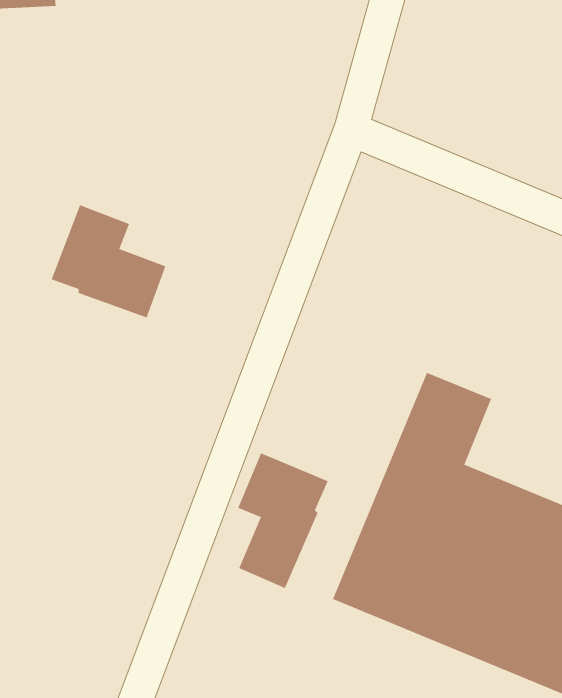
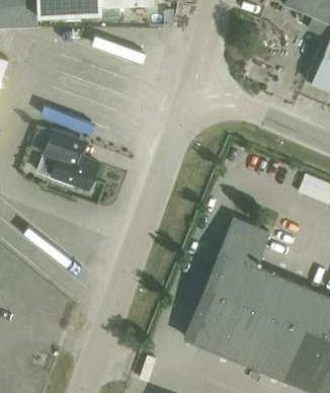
building: [238,453,329,589] -> none

